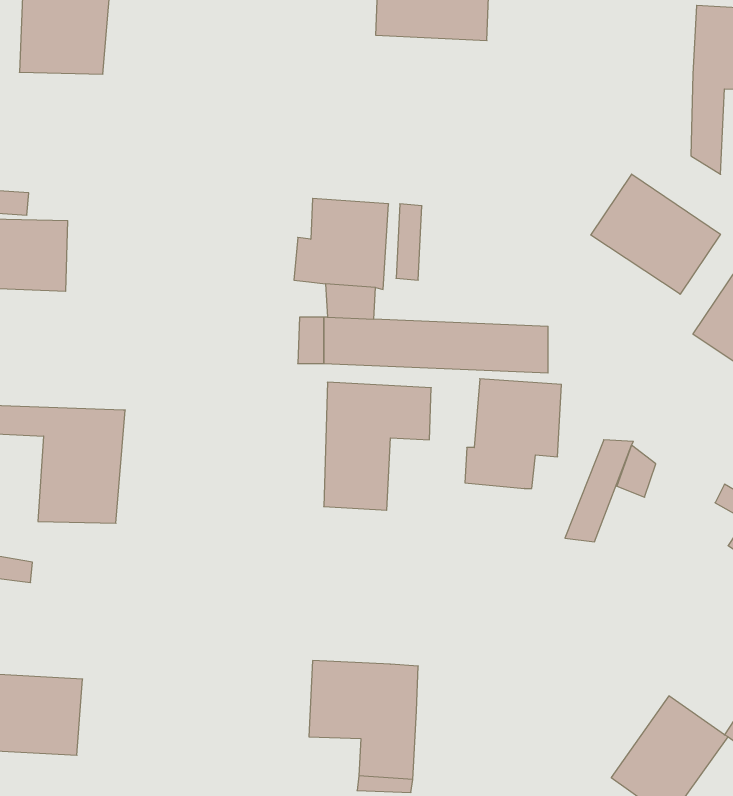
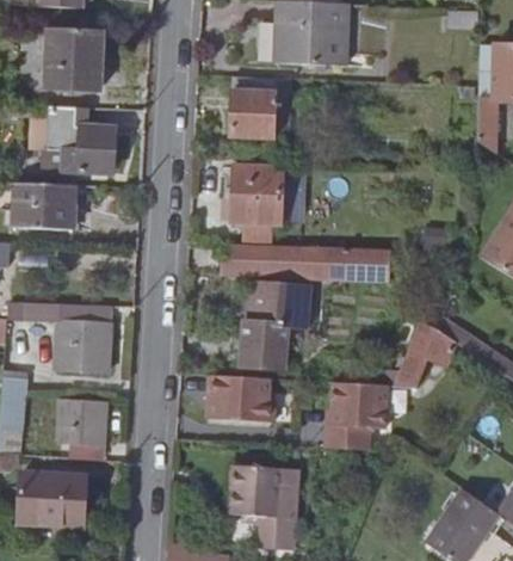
building: none -> [229,93,276,141]
building: none -> [48,104,116,168]
building: [591,174,720,294] -> none
building: [465,379,561,488] -> [325,383,387,454]
building: none -> [206,375,274,424]
building: none -> [60,401,106,460]

